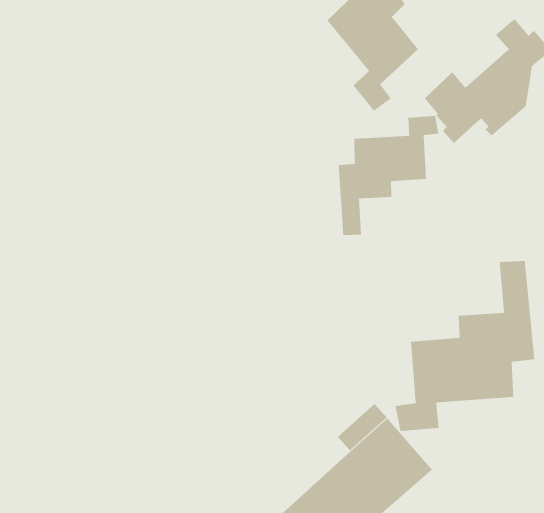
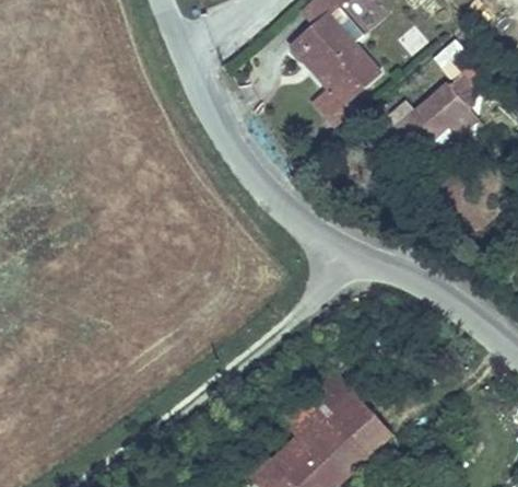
building: [338,115,439,236] -> none
building: [395,260,535,432] -> none

